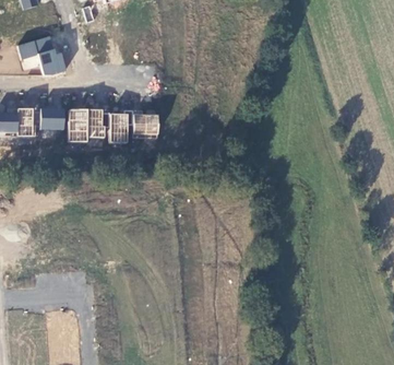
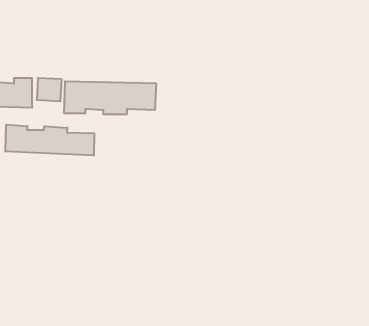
building: [16,36,67,76] -> none
building: none -> [5,125,94,156]

